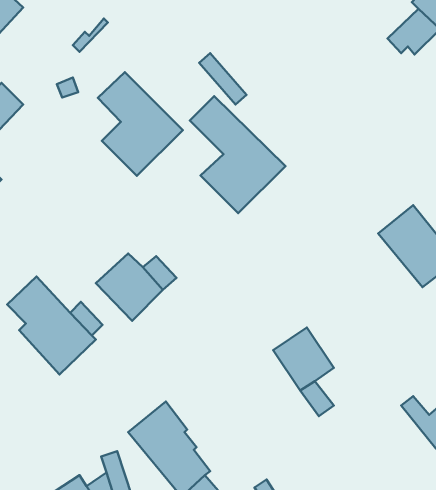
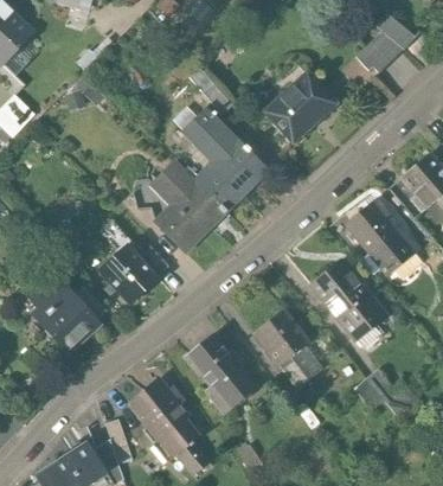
building: none -> [263,71,334,141]
building: [98,72,183,176] -> [149,160,224,251]
building: none -> [312,262,385,340]
building: none -> [186,337,255,414]

